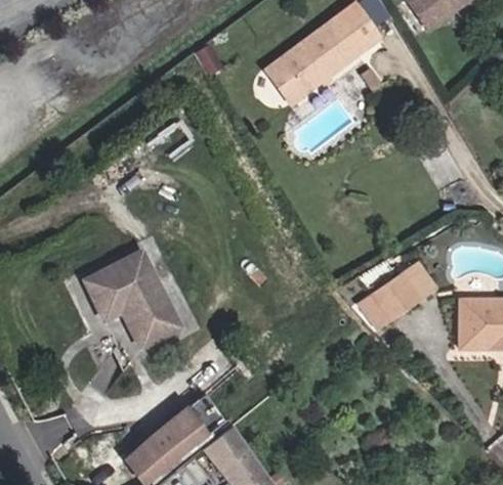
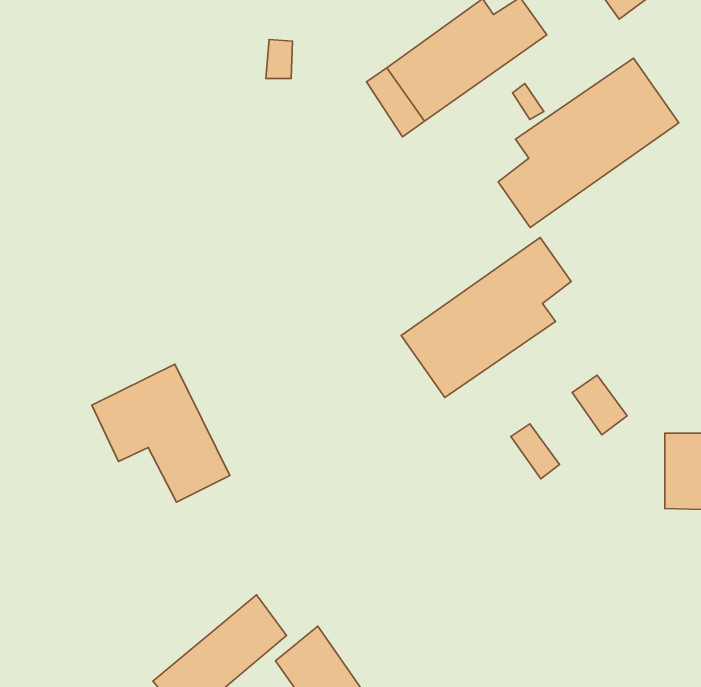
building: none -> [498,58,679,227]
building: none -> [401,237,571,398]
building: [371,272,418,319] -> none

